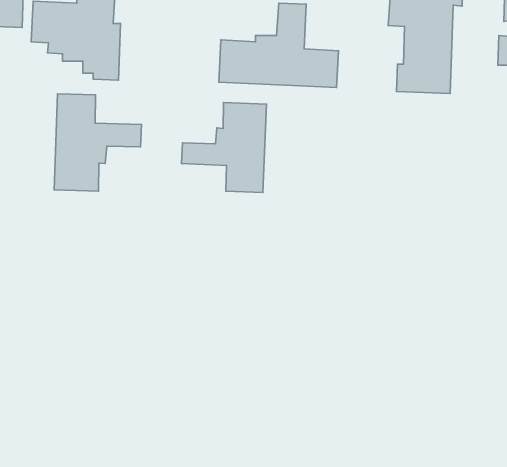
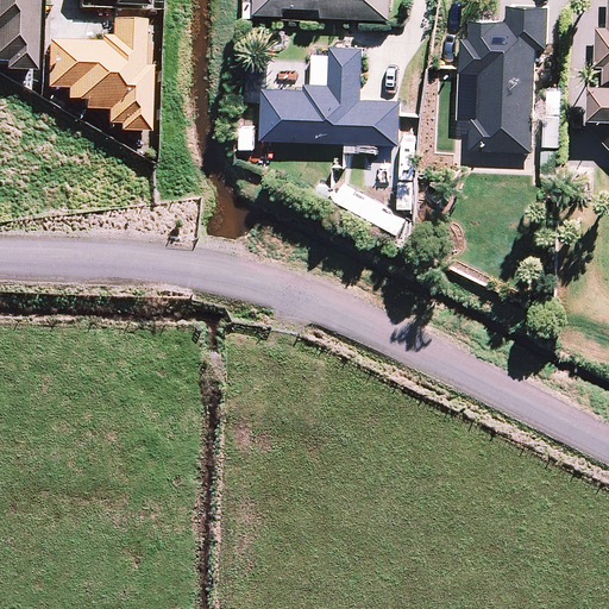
building: [54,94,142,191] -> none
building: [182,103,267,193] -> none

